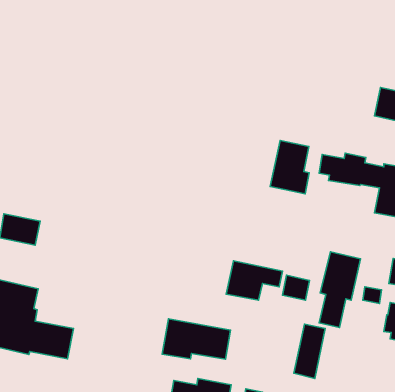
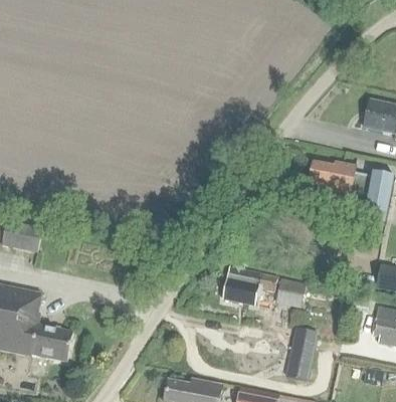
building: [270,141,309,194] -> none
building: [319,252,361,327] -> none
building: [162,319,231,359] -> none

